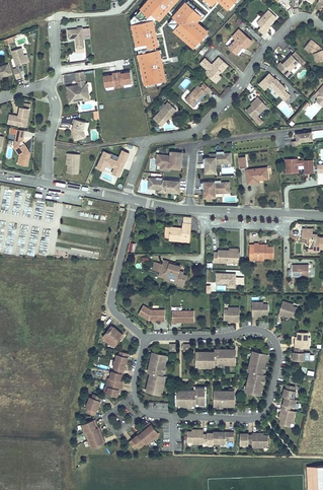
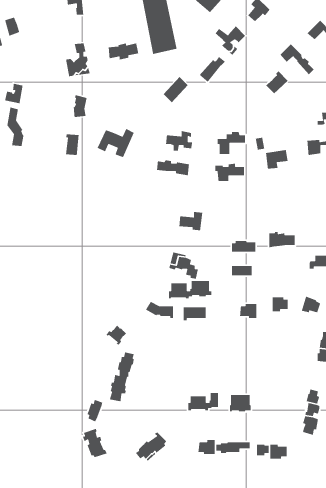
building: [195,349,235,366] -> [168,280,212,299]
building: [245,352,265,394] -> none
building: [146,354,166,395] -> none

